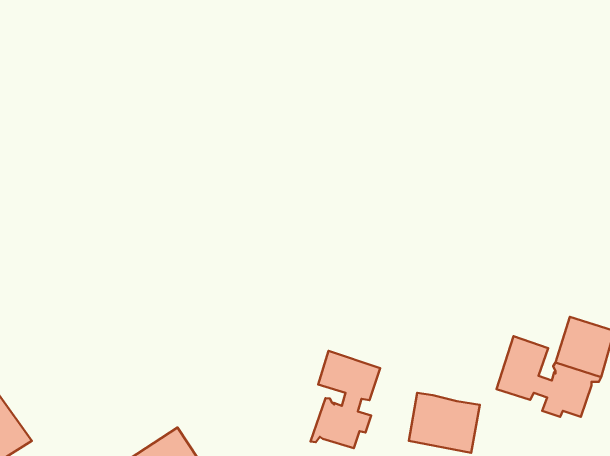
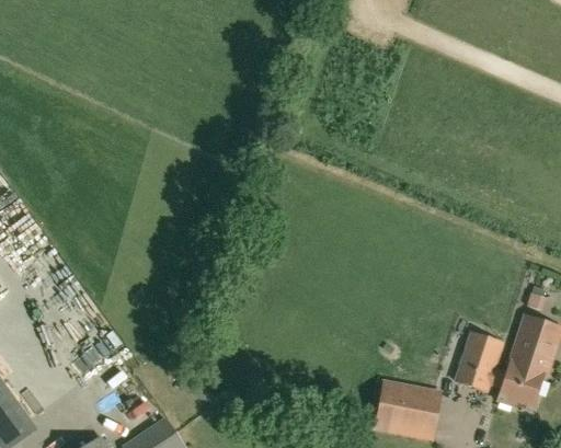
building: [311,351,380,448] -> none

